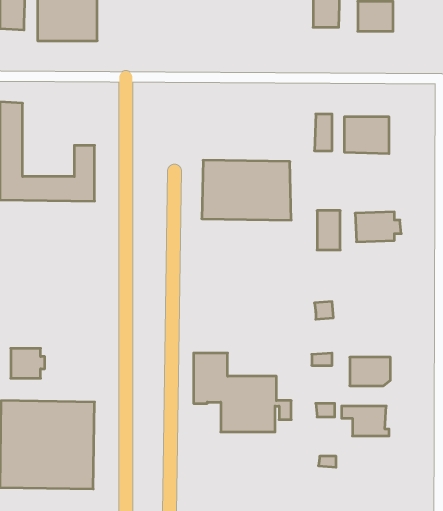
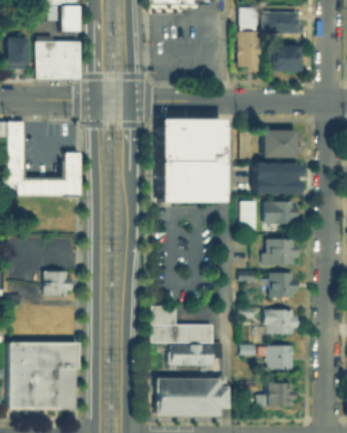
building: none -> [157,123,222,165]
building: none -> [261,163,306,193]
building: none -> [268,239,296,261]
building: none -> [271,272,296,294]
building: [11,348,45,378] -> [45,271,70,293]
building: none -> [152,381,226,417]
building: none -> [258,383,295,405]

